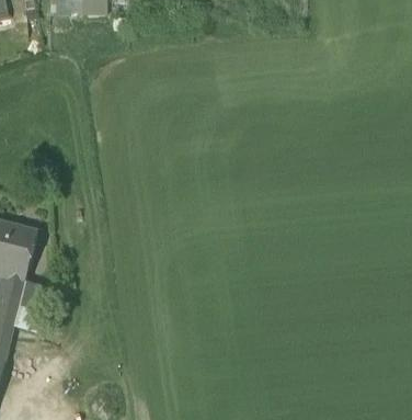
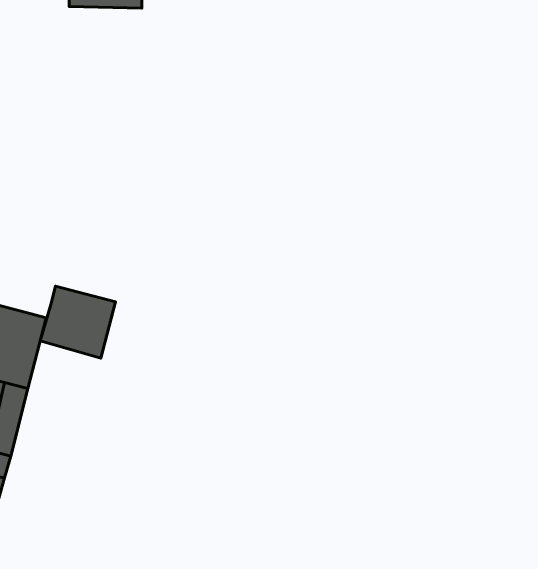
building: none -> [40,286,115,358]

